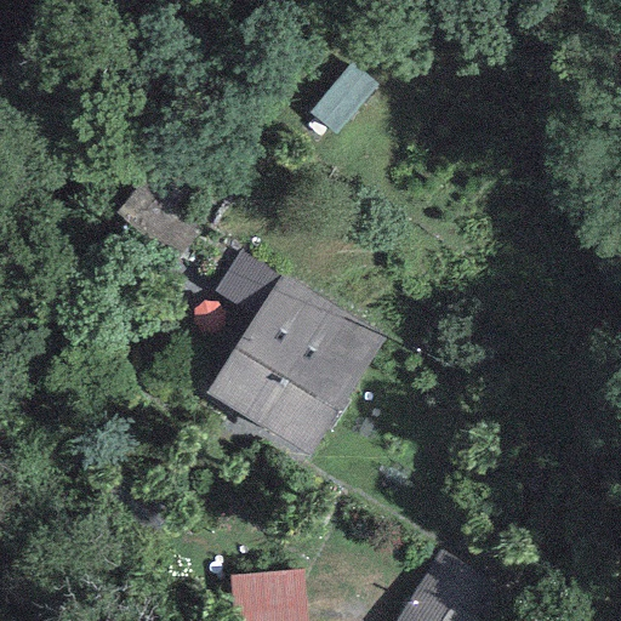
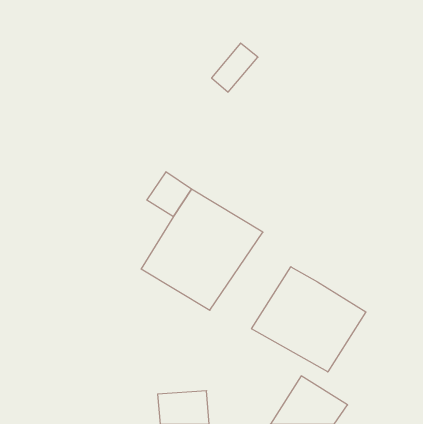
building: none -> [252,267,366,372]

